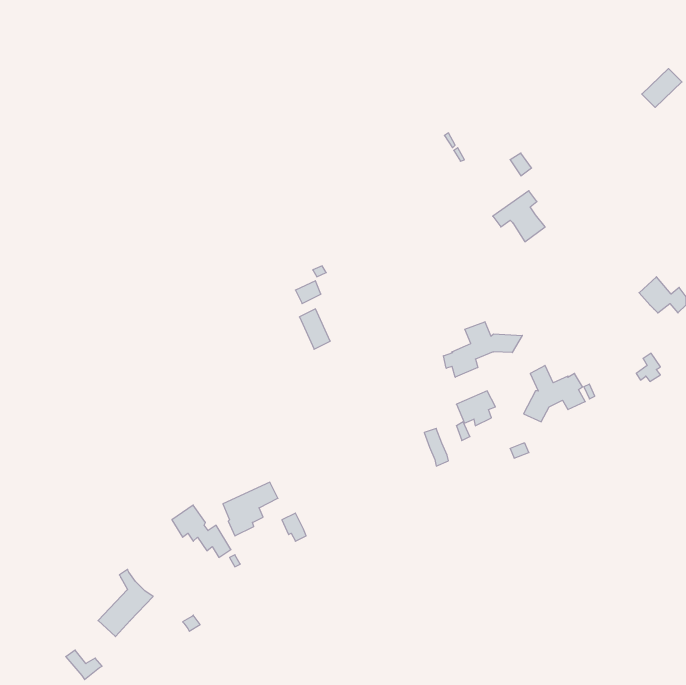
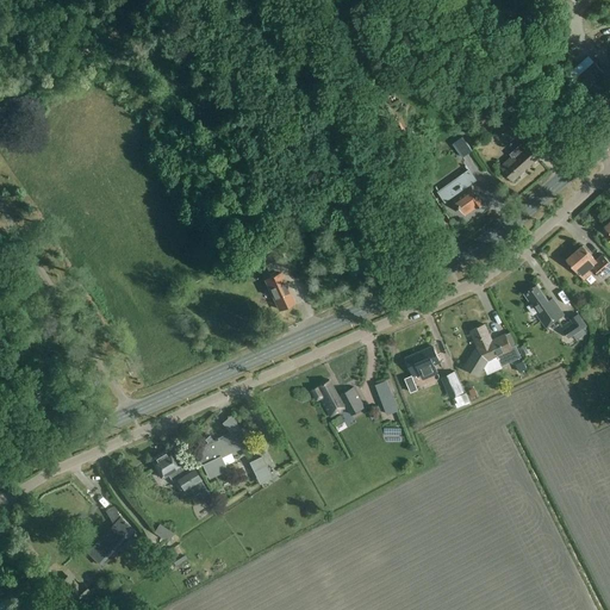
building: none -> [502,139,546,181]
building: none -> [524,285,564,328]
building: [443,322,522,377] -> none
building: none -> [311,380,366,416]

